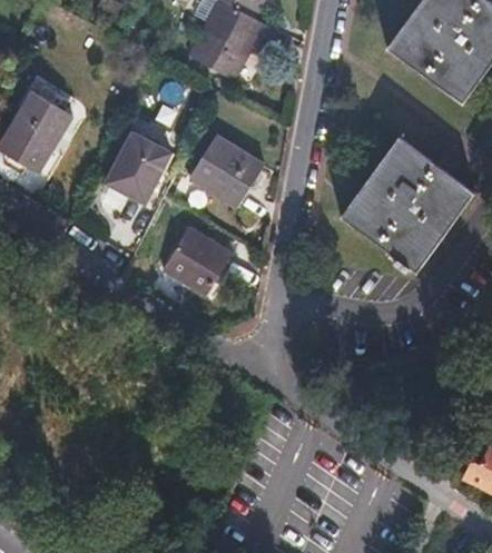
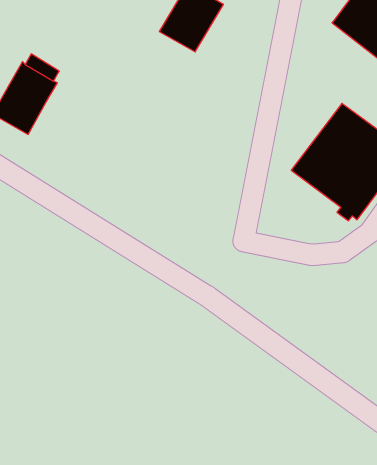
building: [106,135,167,204] -> none
building: [188,135,260,204] -> none
building: [164,228,232,297] -> none

